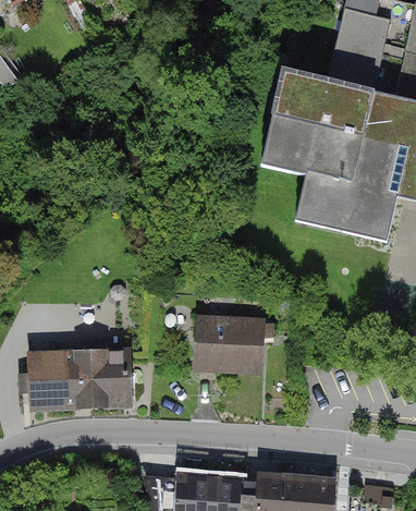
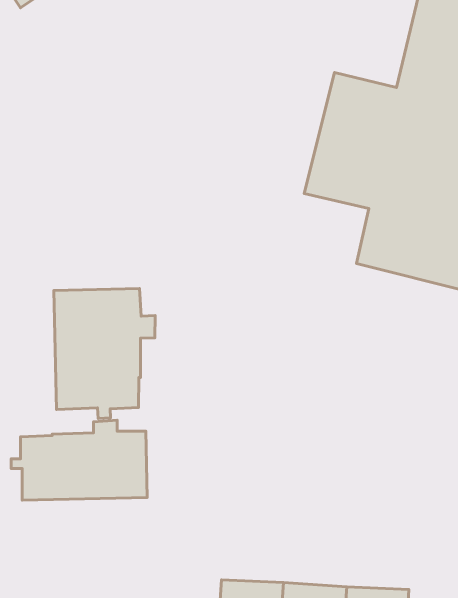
building: none -> [54,289,155,418]
building: [196,320,264,379] -> none

